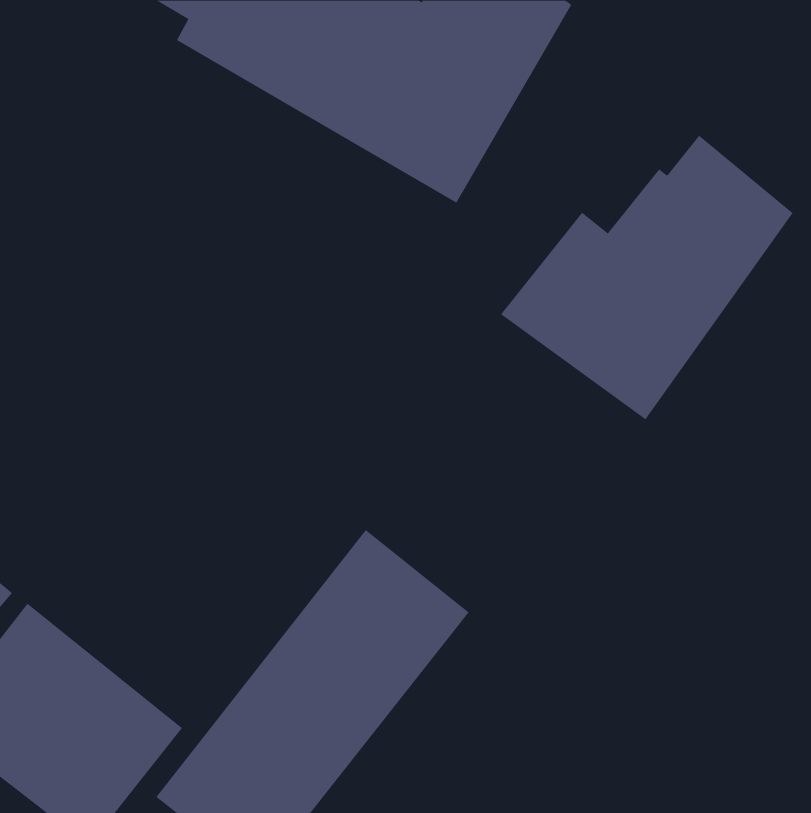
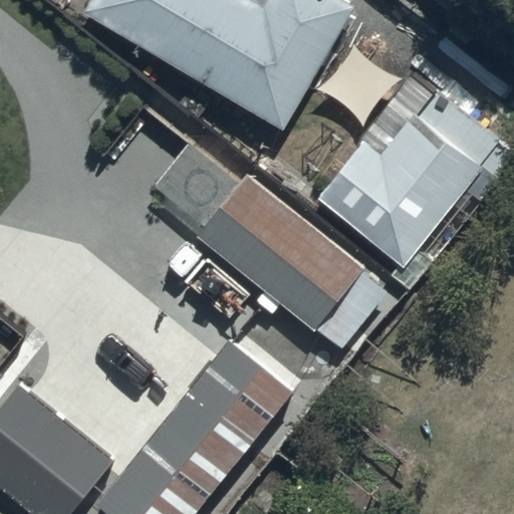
building: none -> [195,171,392,351]

